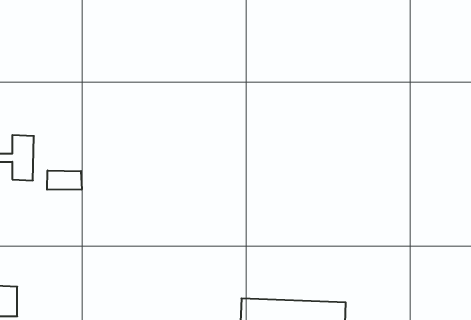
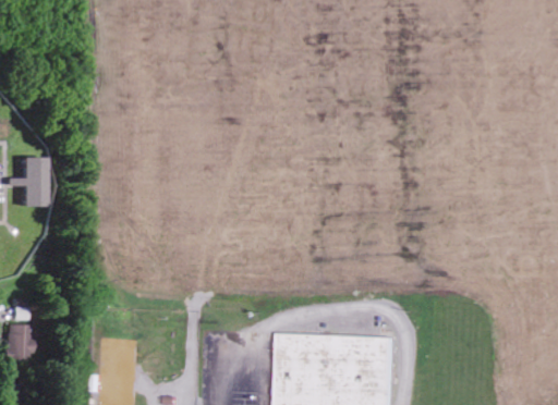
building: [47,170,82,190] -> none

